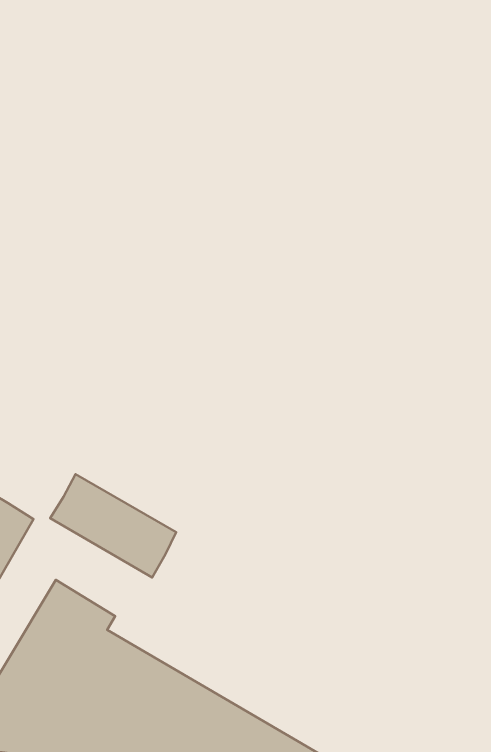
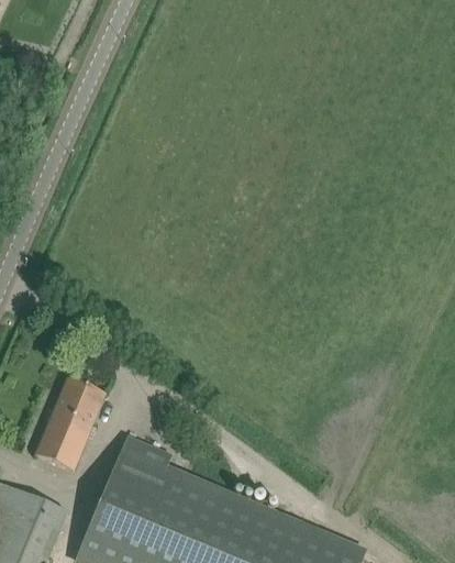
building: [50,474,176,577] -> none

